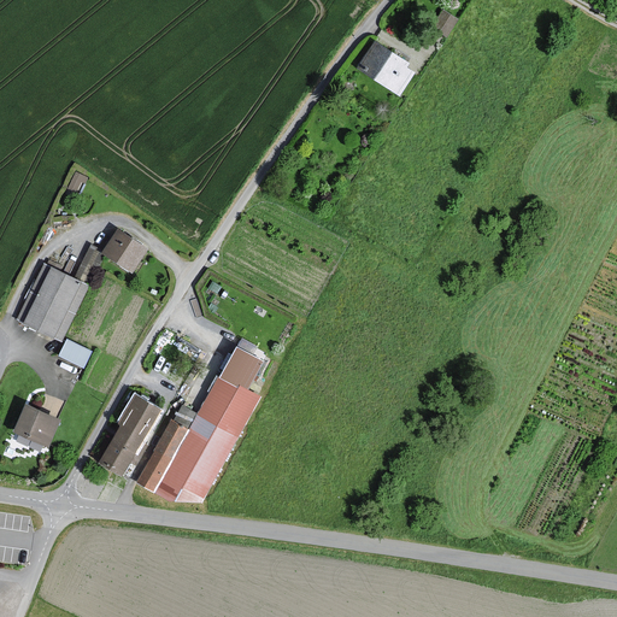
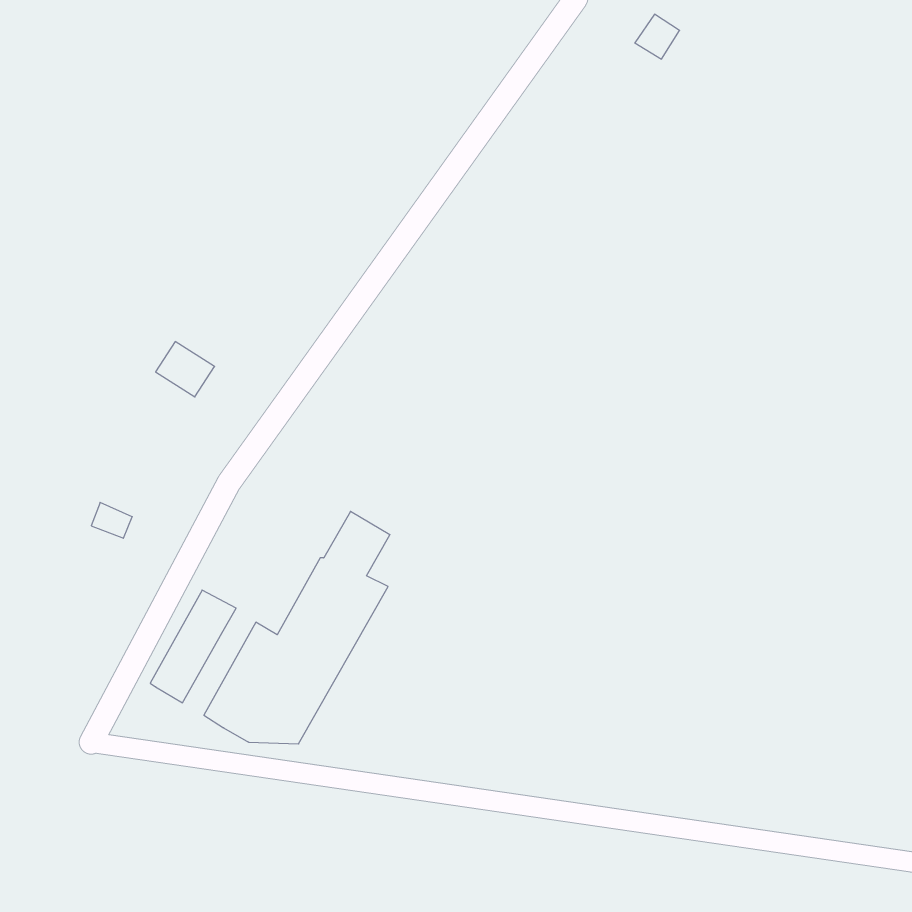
building: [362,45,410,90] -> none
building: [18,248,101,337] -> none
building: [14,405,58,445] -> none

